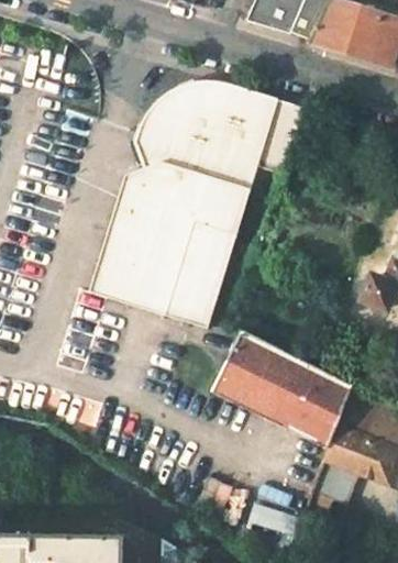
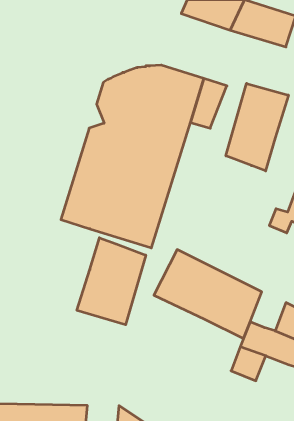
building: none -> [226,83,288,171]
building: none -> [77,238,146,325]

